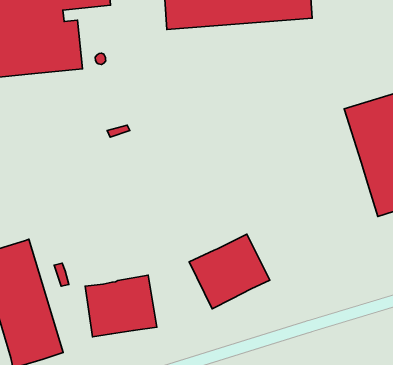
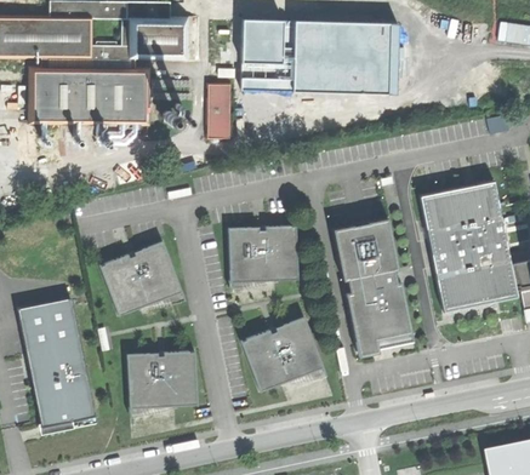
building: none -> [205,82,228,137]
building: none -> [331,217,412,357]
building: none -> [228,227,296,280]
building: none -> [98,241,184,317]

